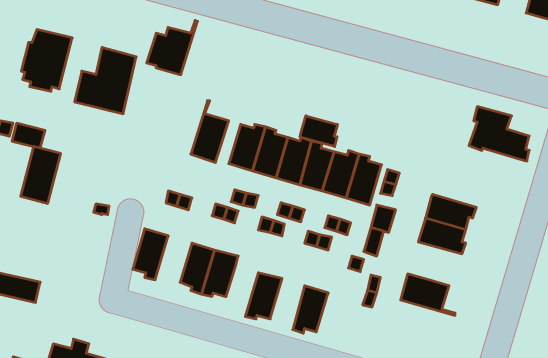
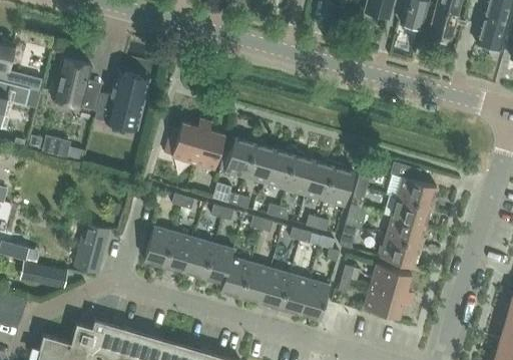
building: [147,20,198,75] -> [164,116,207,162]
building: [469,107,529,161] -> [386,161,437,208]
building: [300,116,337,147] -> none
building: [21,146,61,203] -> [75,224,109,272]
building: none -> [163,232,194,272]
building: none -> [380,237,423,266]
building: none -> [220,257,250,300]
building: none -> [261,268,290,311]
building: none -> [300,280,330,322]
building: none -> [364,286,417,317]

